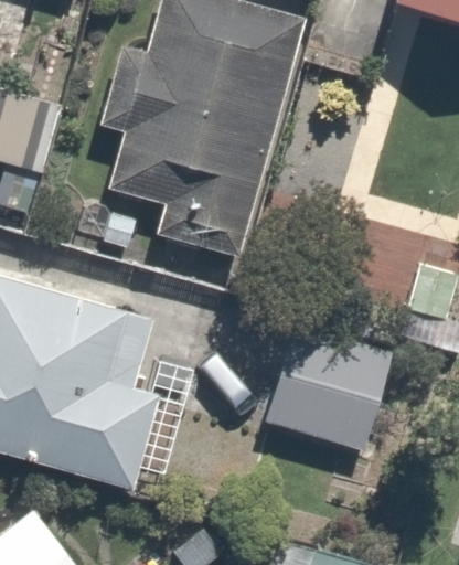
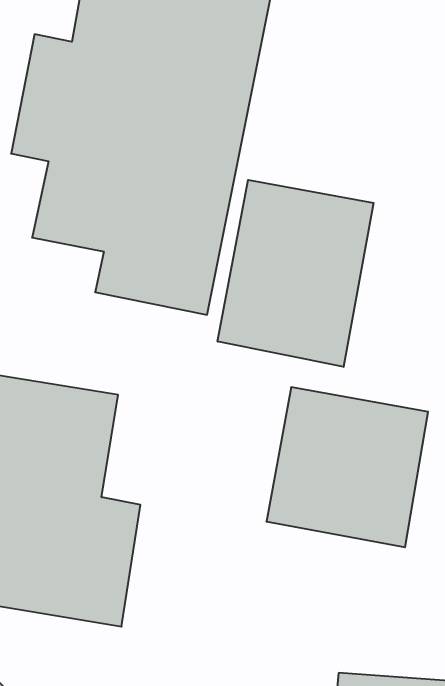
building: none -> [218,180,374,367]

